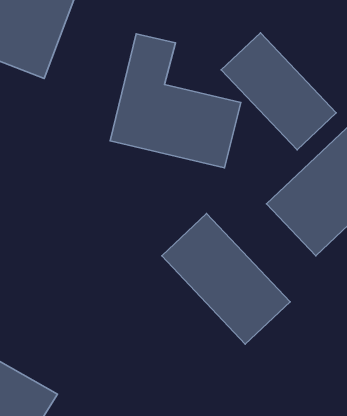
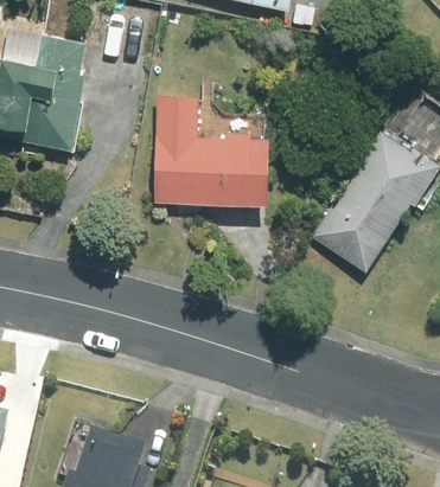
building: [221,33,336,150] -> none
building: [162,213,290,344] -> none

